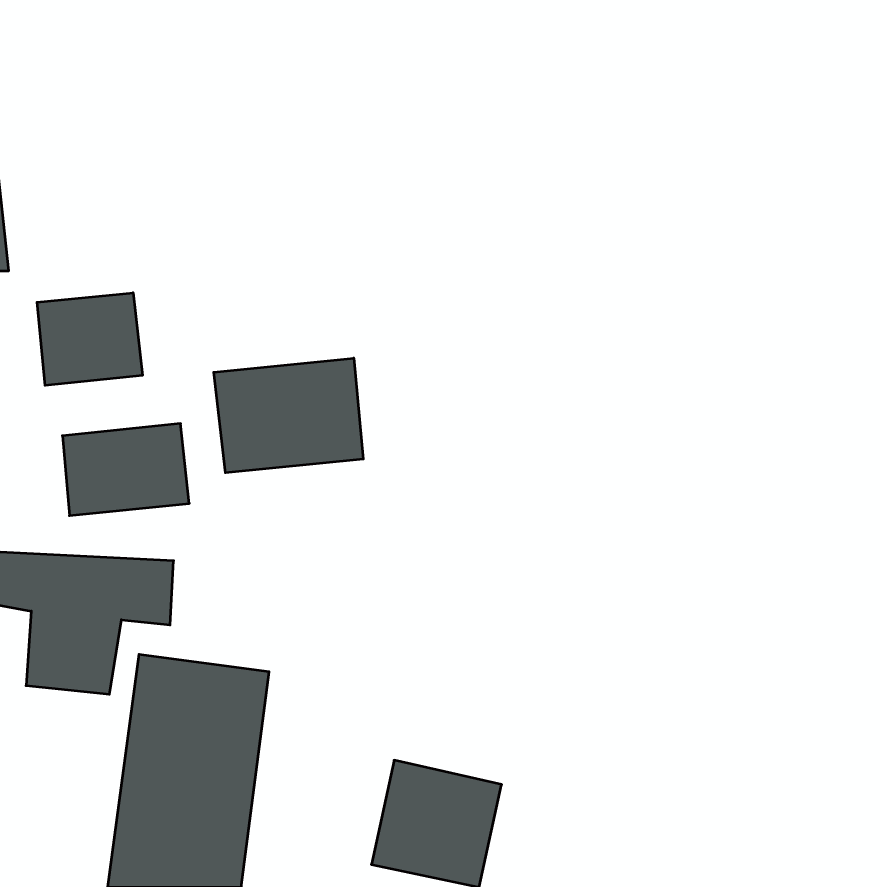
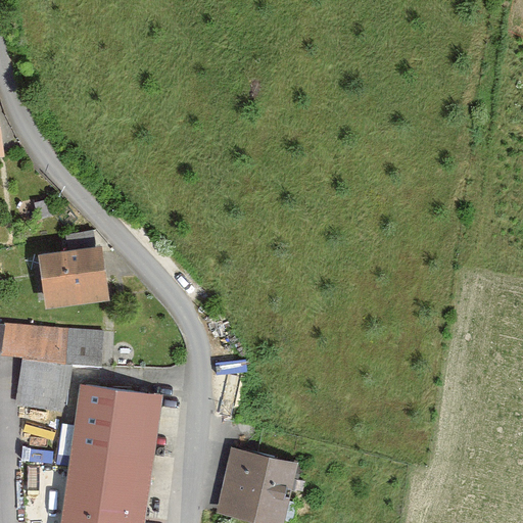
building: [37,293,142,385] -> none
building: [214,358,363,473] -> none

